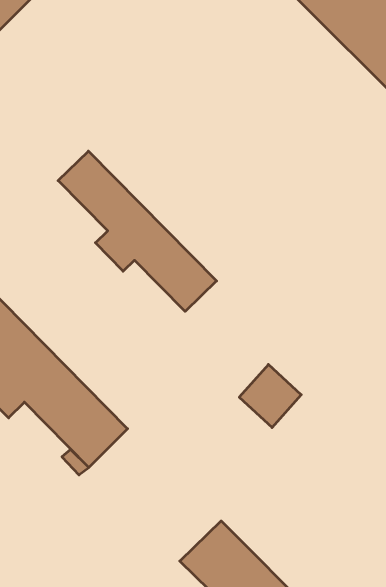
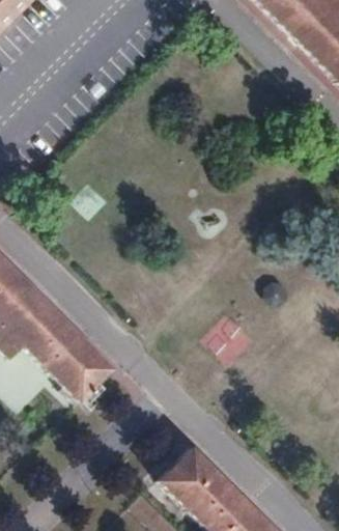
building: [58,151,217,311] -> none

